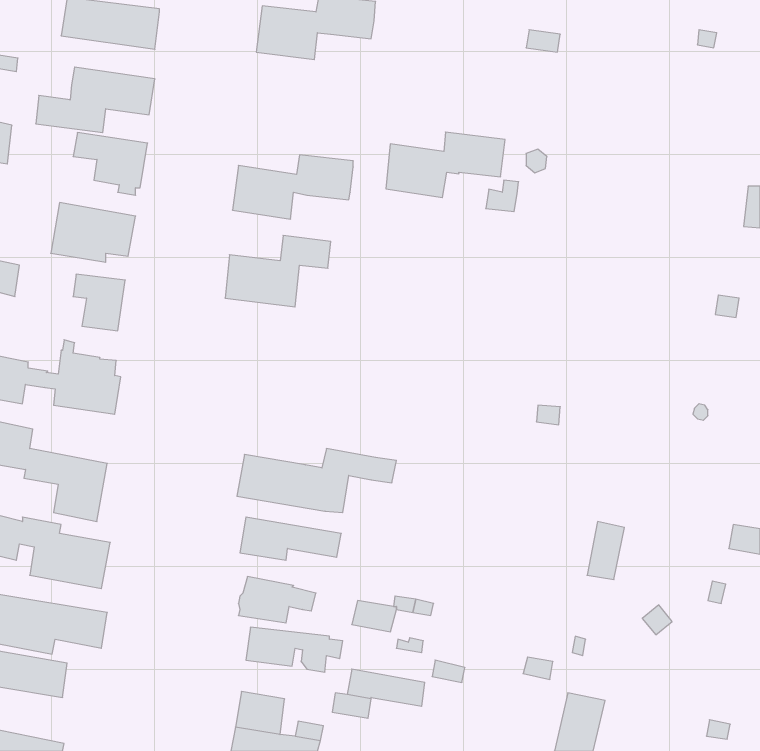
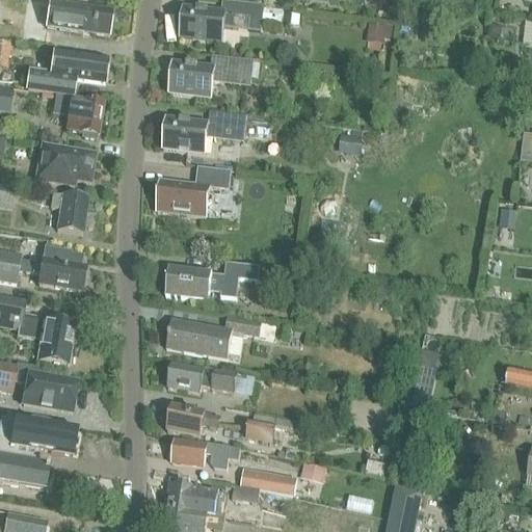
building: [386,132,505,198] -> [169,51,252,97]
building: none -> [165,261,260,298]

